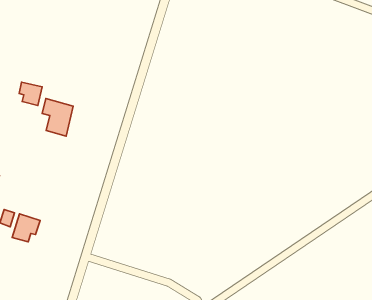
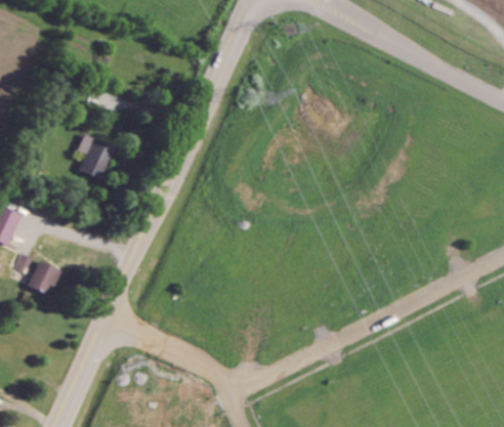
building: [19,82,42,106] -> none

